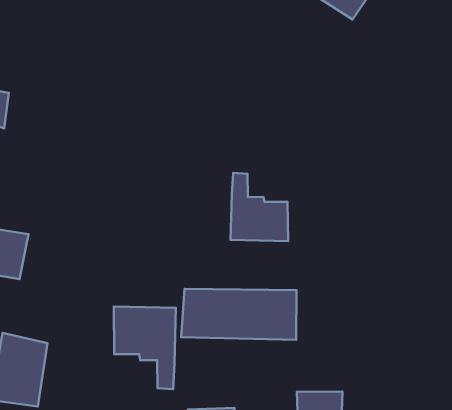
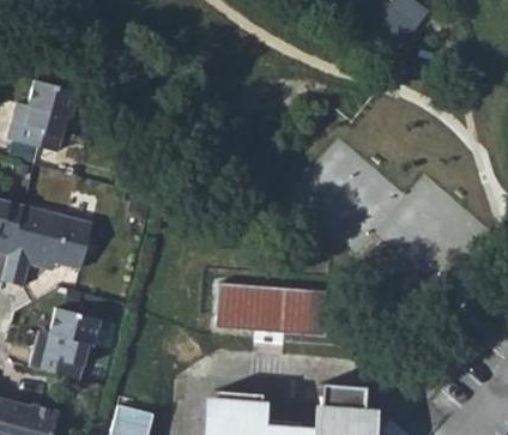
building: [231,173,288,241] -> none
building: [114,307,176,389] -> none

